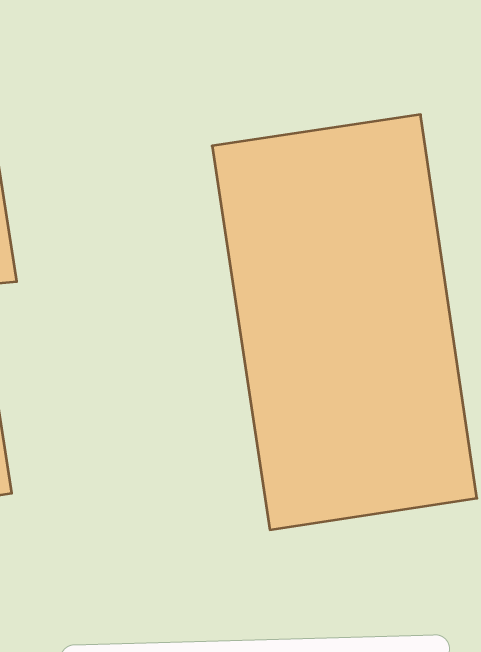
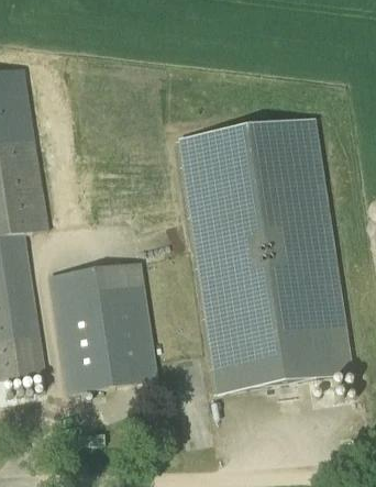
building: none -> [49,261,155,391]

